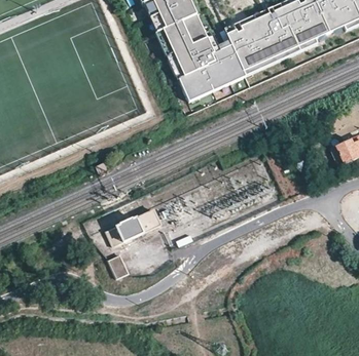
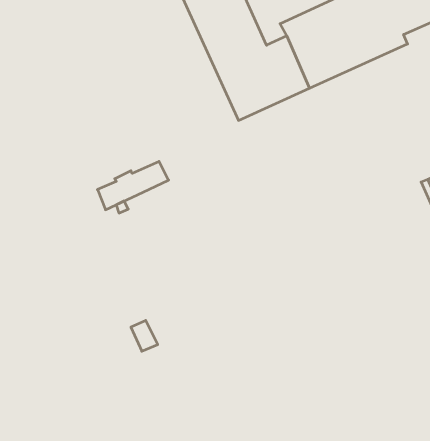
building: [106,209,160,246] -> [97,161,169,210]

